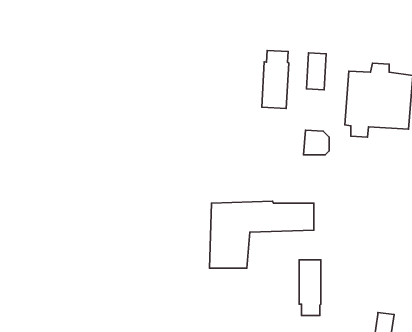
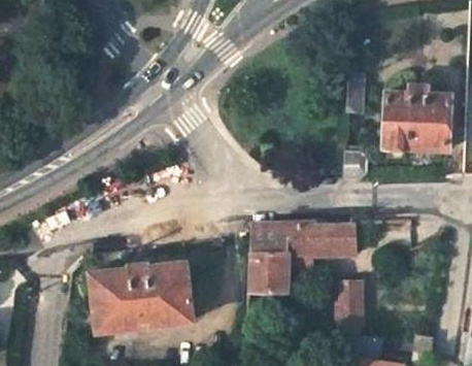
building: [262,50,289,108] -> none
building: none -> [92,262,189,330]

